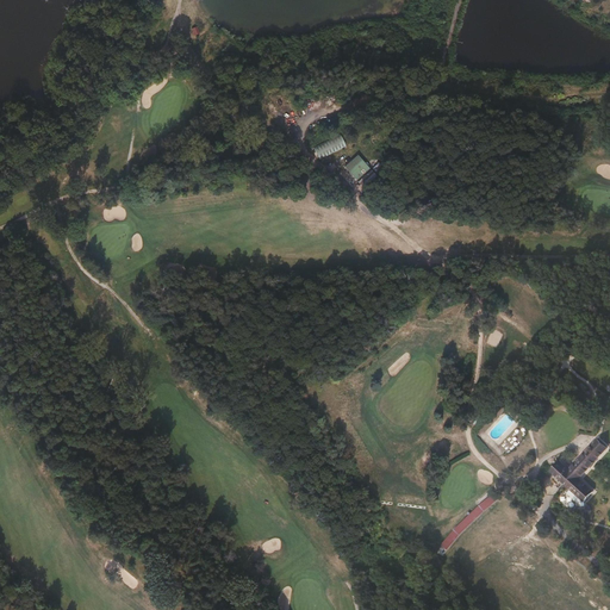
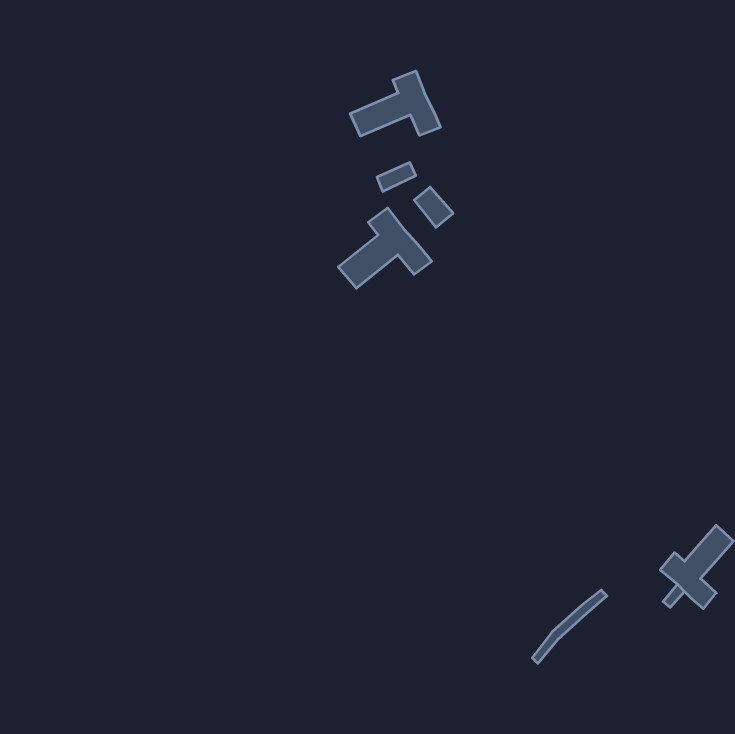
building: none -> [350,71,440,136]
building: none -> [338,208,432,288]

